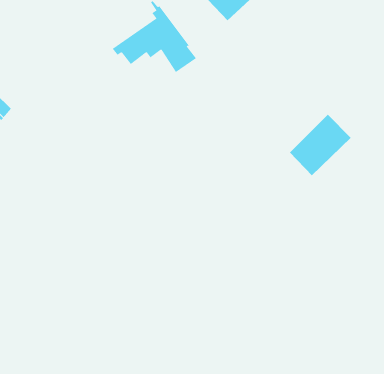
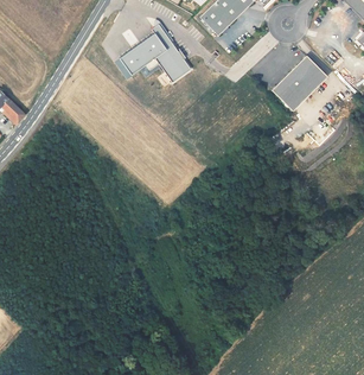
building: [289,114,352,176] -> [272,56,327,112]

